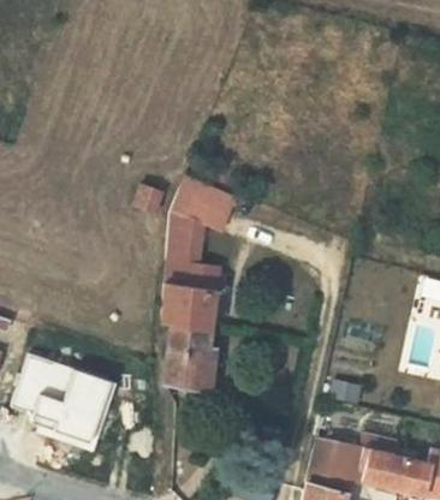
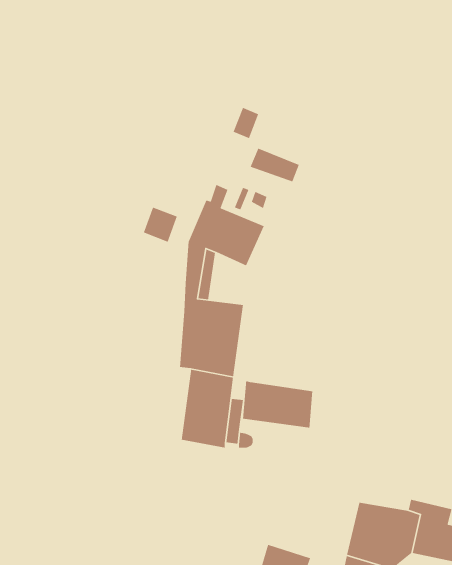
building: none -> [242,380,313,428]
building: [14,357,113,445] -> none

